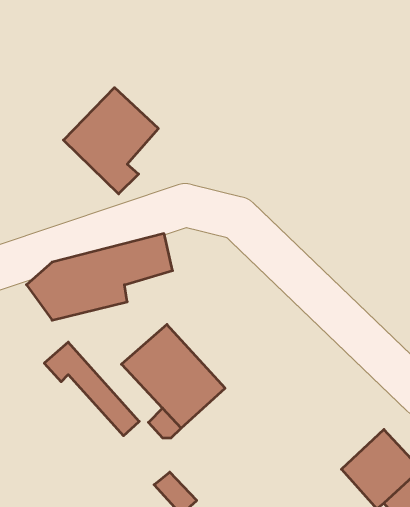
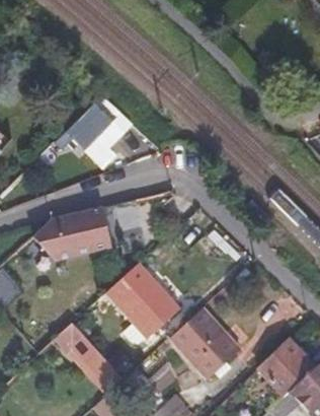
building: [44,342,139,436] -> [55,322,123,389]
building: none -> [173,308,240,374]

